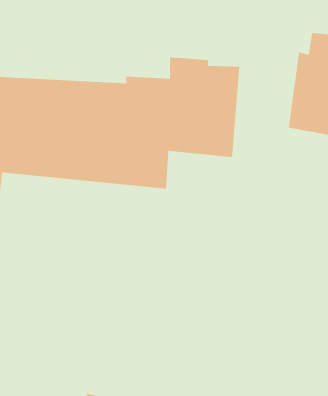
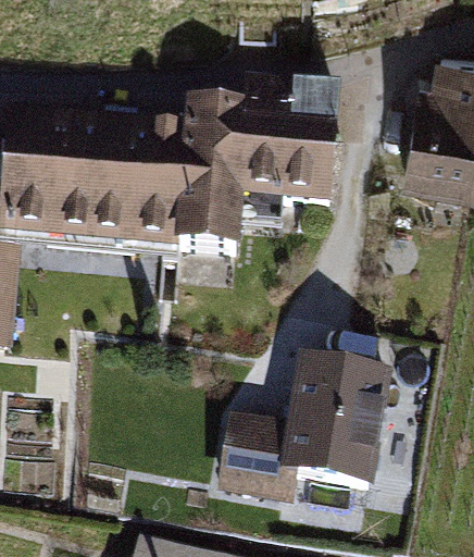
building: none -> [216,352,394,505]

